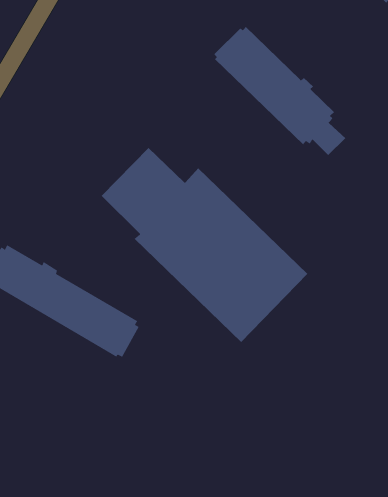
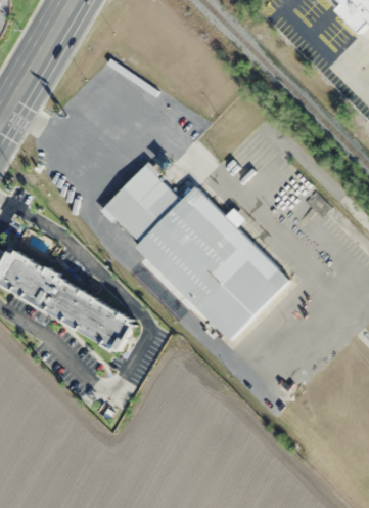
building: [213,26,346,156] -> none

